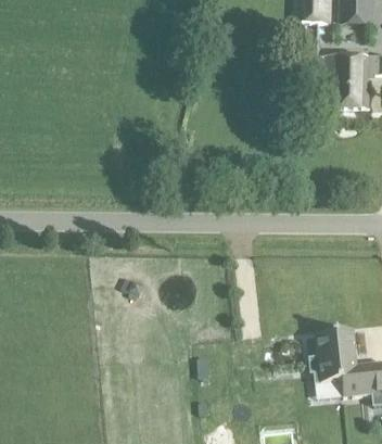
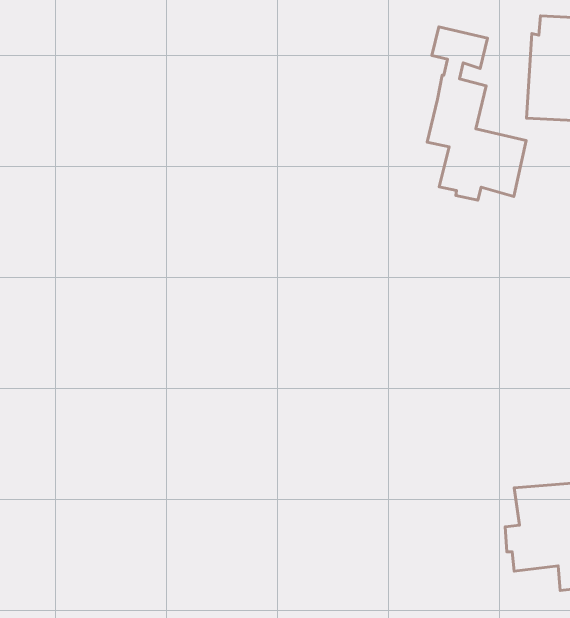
building: none -> [427,27,526,200]

